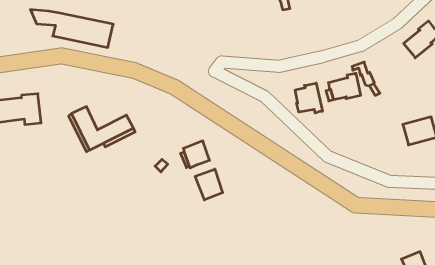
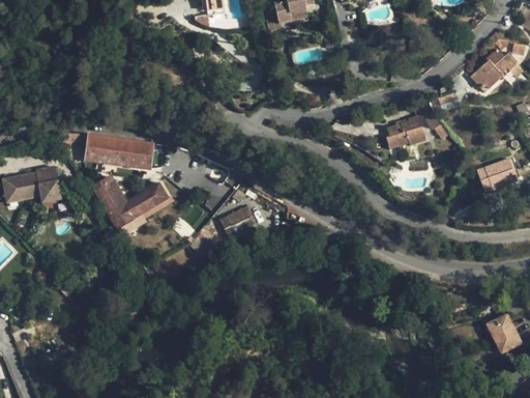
building: [30,10,113,47] -> [57,133,153,169]
building: [295,83,322,113] -> none
building: [195,169,223,200] -> none

